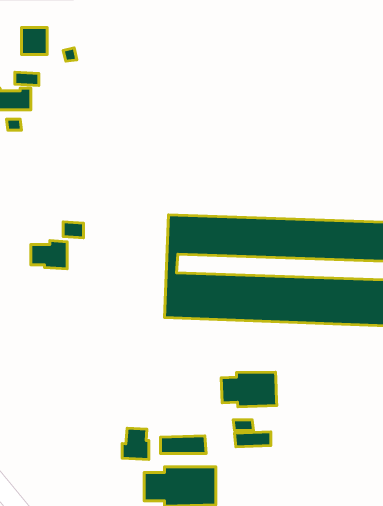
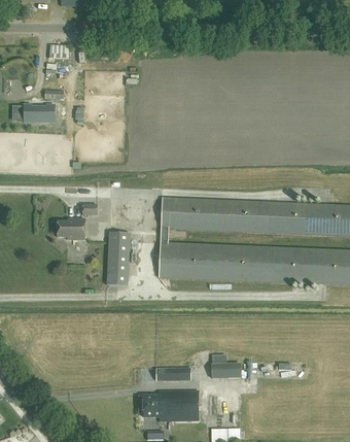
building: none -> [105,233,130,286]
building: [221,372,277,407] -> none
building: [122,428,149,460] -> none

